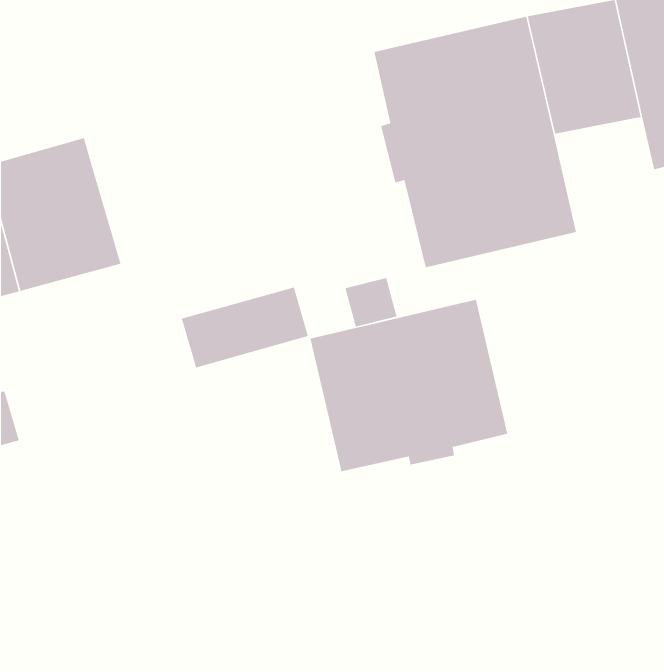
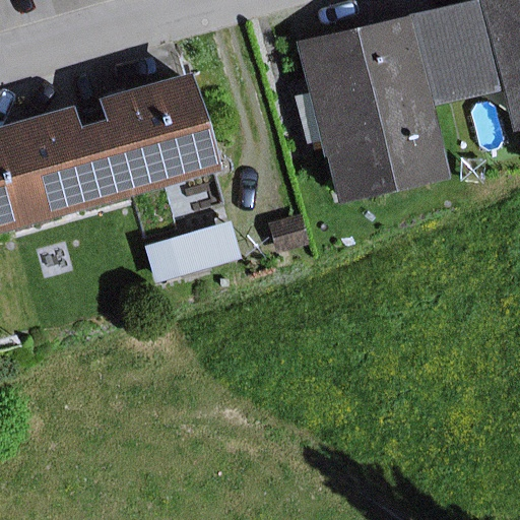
building: none -> [79,72,217,203]
building: [310,299,508,472] -> none

